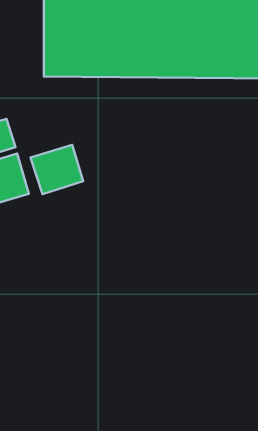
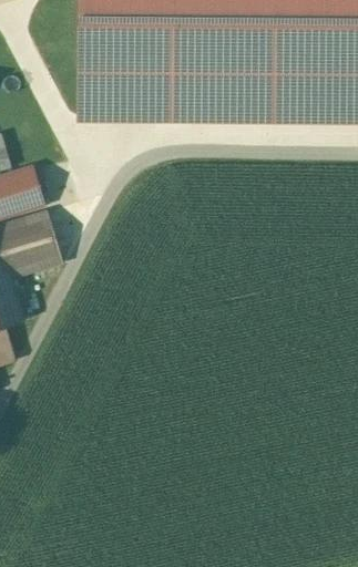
building: [30,145,83,194] -> none

